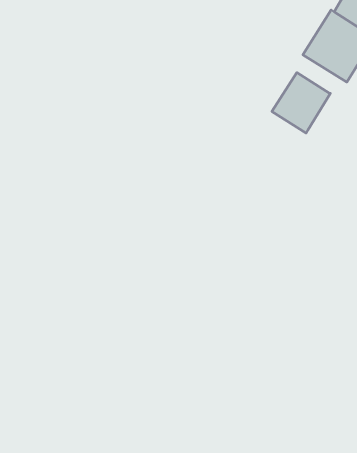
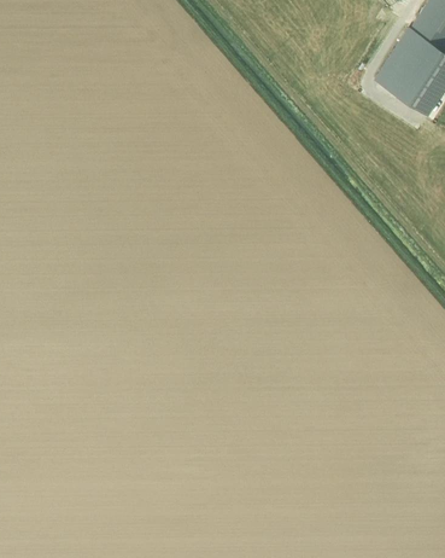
building: [272,72,331,133] -> none

